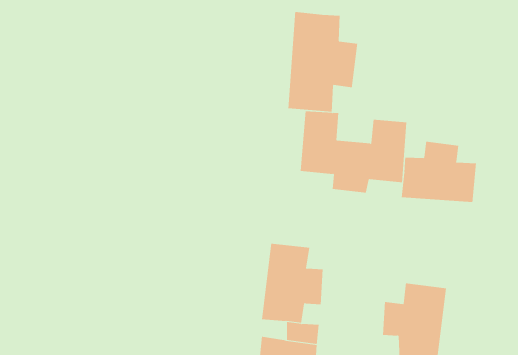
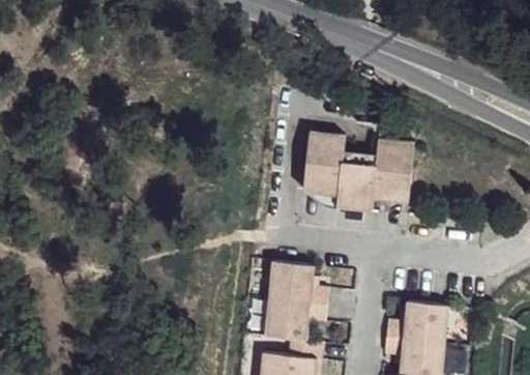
building: [288,11,358,113] -> none
building: [401,141,476,203] -> none

